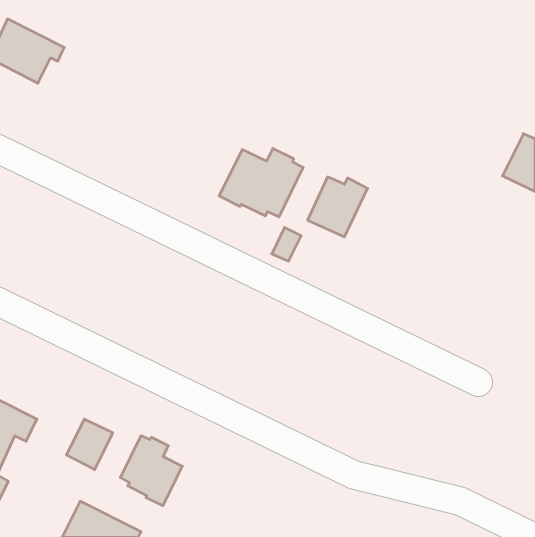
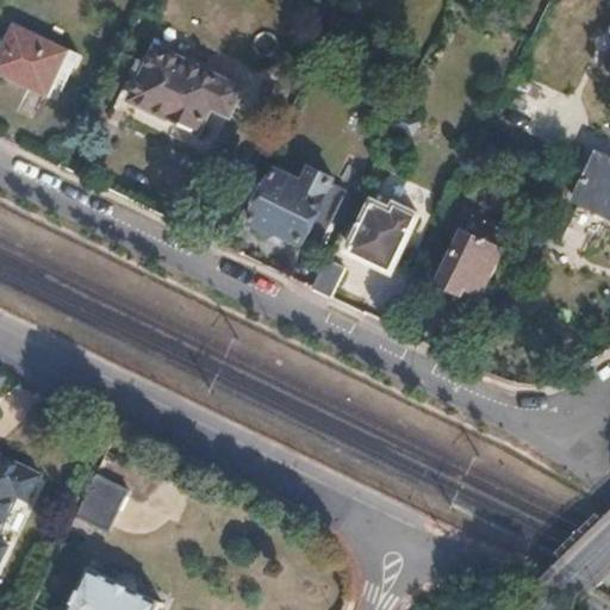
building: none -> [129,46,238,130]
building: none -> [437,216,505,298]
building: [120,436,182,506] -> none

